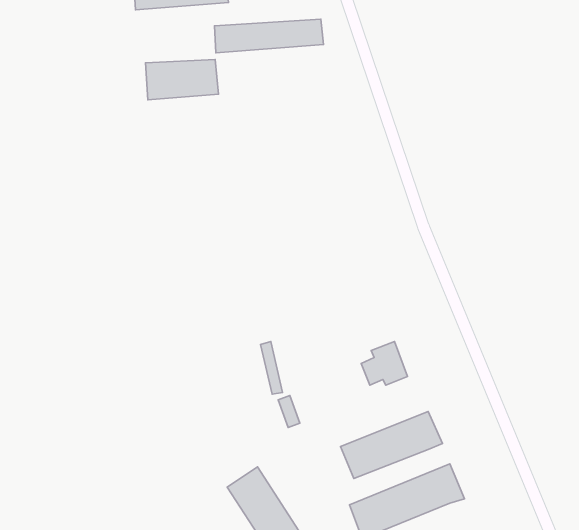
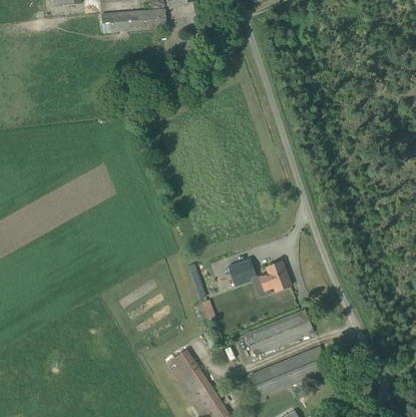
building: [214,19,323,53] -> none
building: [145,60,218,100] -> none
building: none -> [227,257,257,285]

